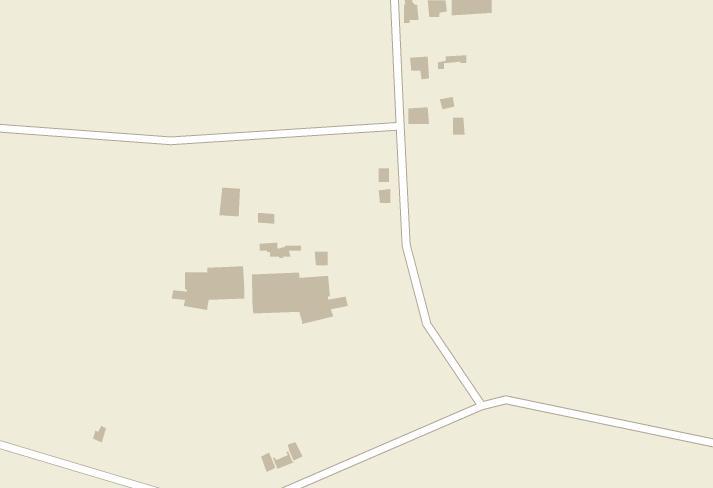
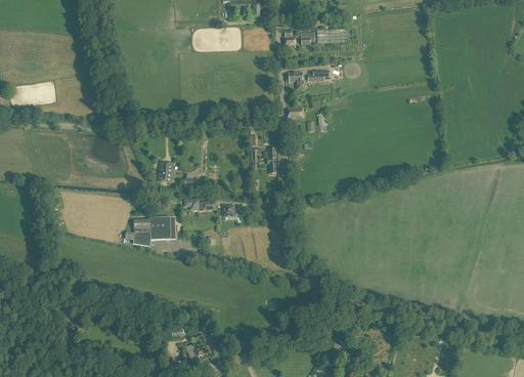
building: [251,272,349,325] -> none

